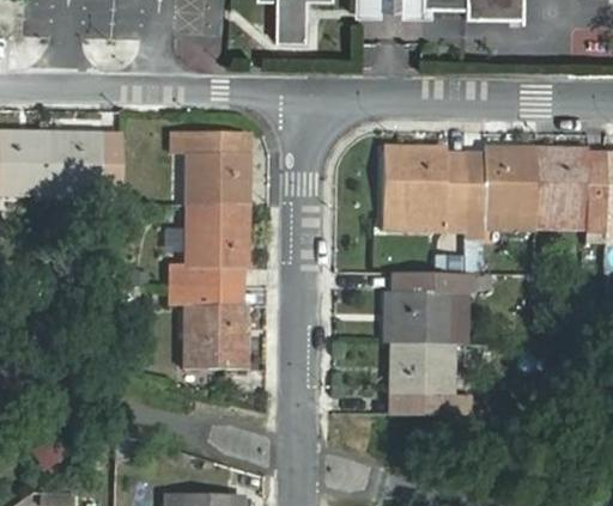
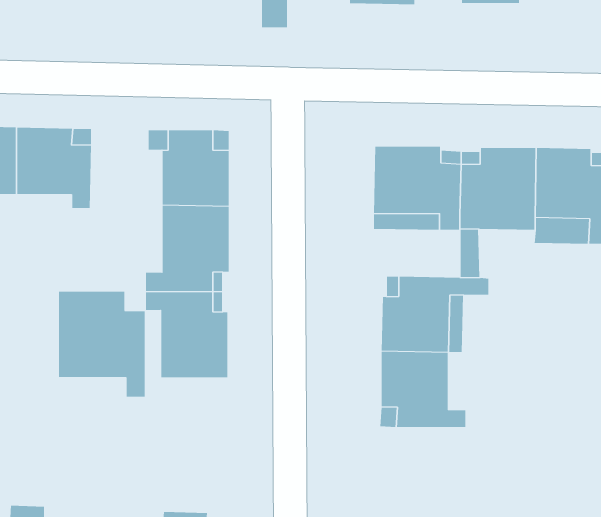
building: none -> [58,291,145,398]

